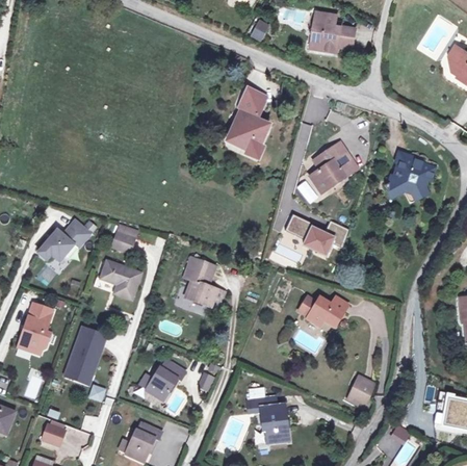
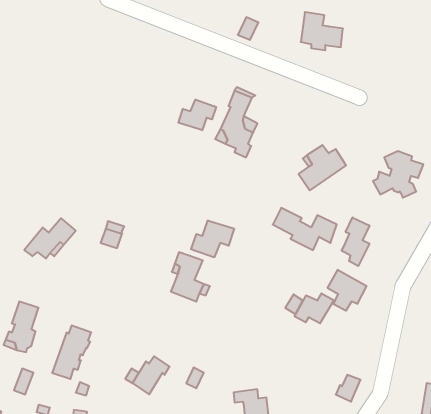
building: none -> [178,100,216,130]
building: none -> [342,217,369,266]
building: none -> [191,220,234,257]
building: [100,259,140,296] -> none
building: none -> [328,270,367,311]

